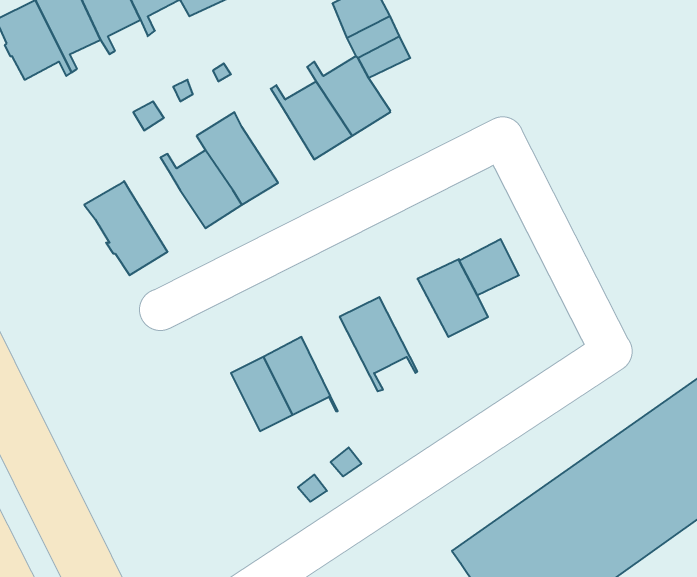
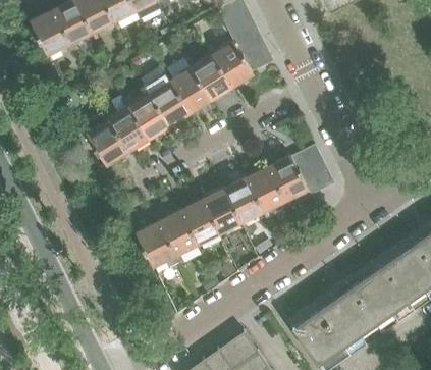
building: none -> [239,41,272,70]
building: none -> [164,66,209,111]
building: none -> [102,105,148,150]
building: none -> [301,163,333,194]
building: none -> [246,165,284,217]
building: none -> [202,187,245,240]
building: none -> [136,218,182,266]

